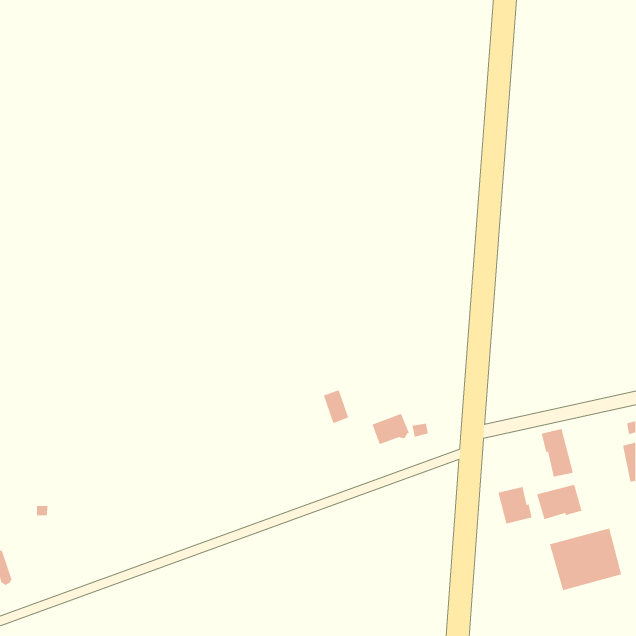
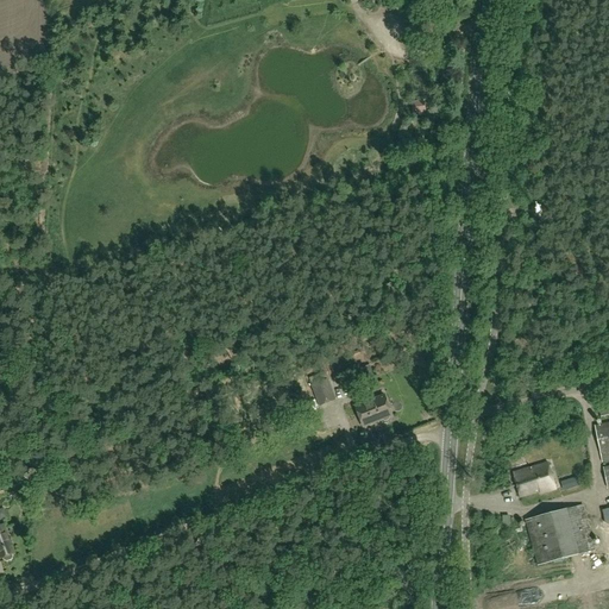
building: [541,428,574,478] -> none
building: [497,486,533,524] -> none

